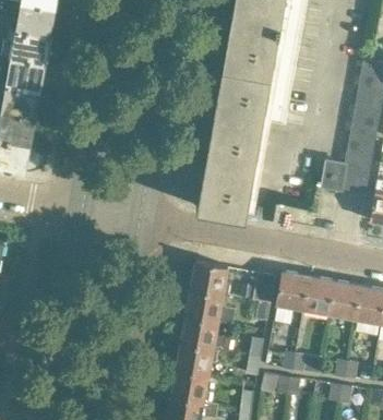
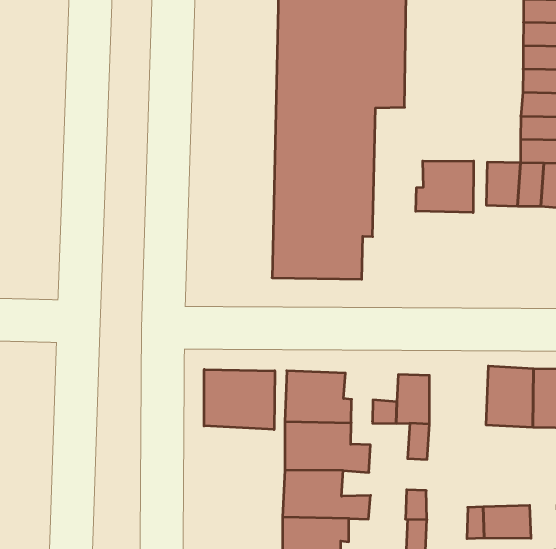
building: none -> [416,161,474,213]
building: none -> [204,369,275,430]
building: [274,271,310,323] -> none

